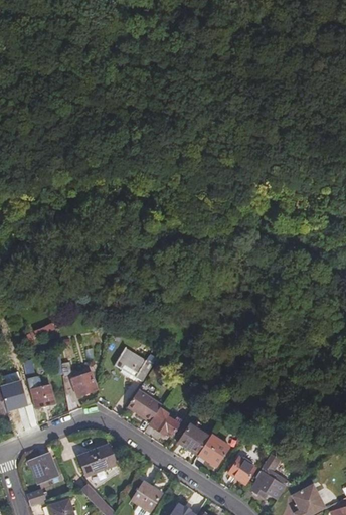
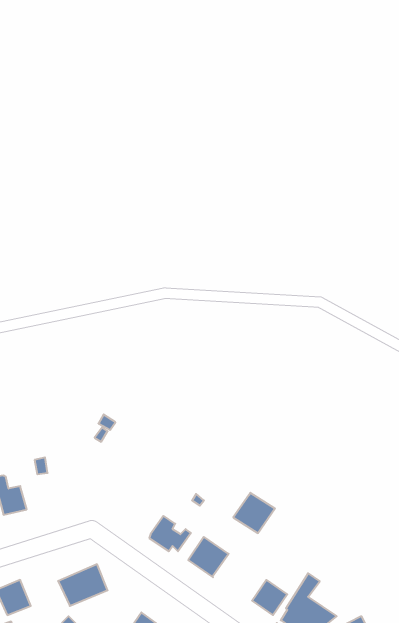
building: [116,347,154,382] -> none
building: [71,372,97,395] -> none
building: [127,389,161,421] -> none
building: [198,435,230,466] -> [233,493,275,533]

